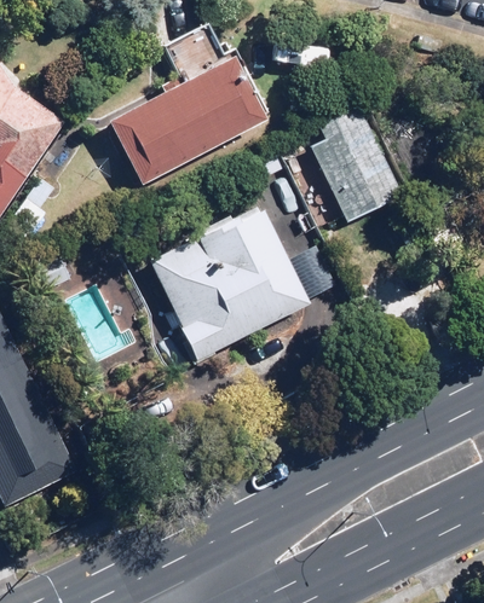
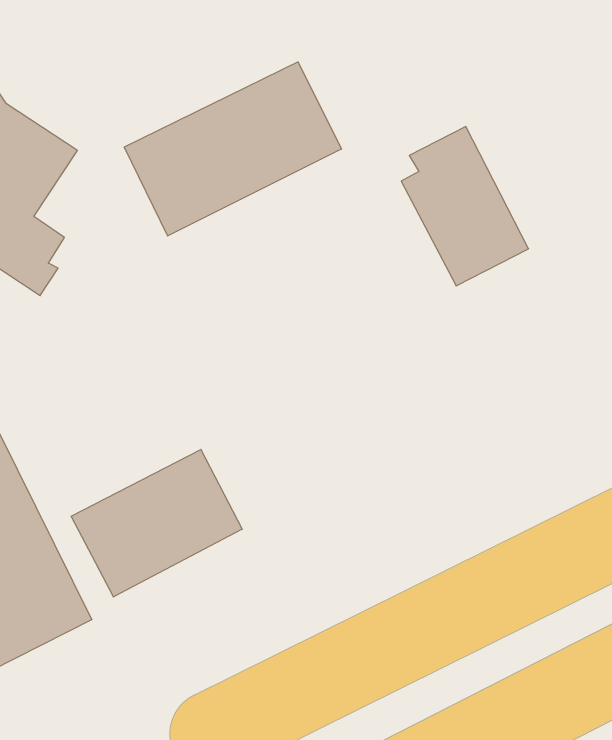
building: [145,204,338,365] -> none
building: none -> [71,449,242,597]

